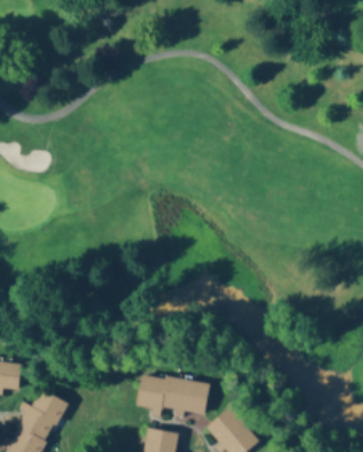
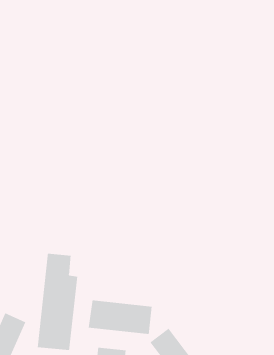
building: none -> [37,253,78,351]

